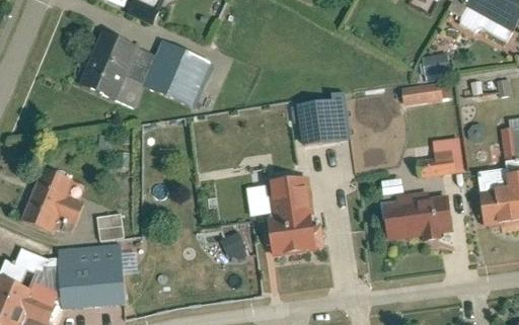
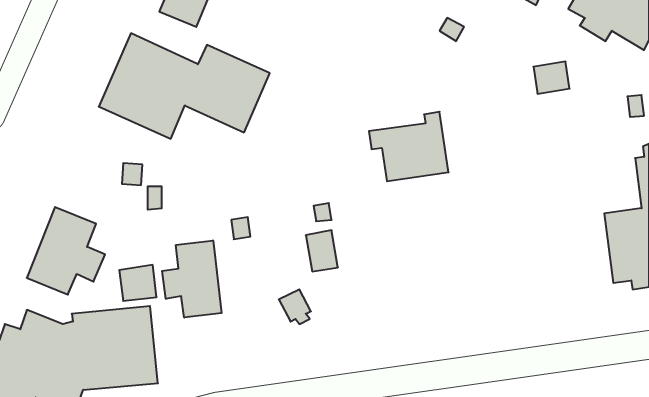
building: [400,81,451,103] -> none
building: [418,138,465,177] -> none
building: [264,164,322,256] -> none
building: [377,176,455,243] -> none
building: none -> [162,240,222,318]

